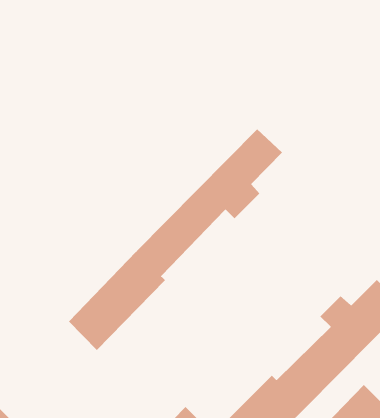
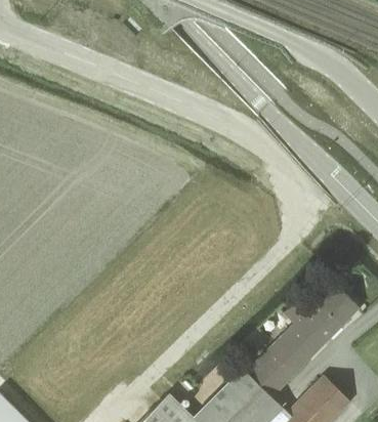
building: [68,129,283,351] -> none

